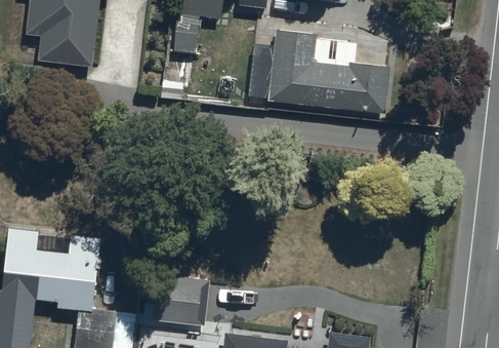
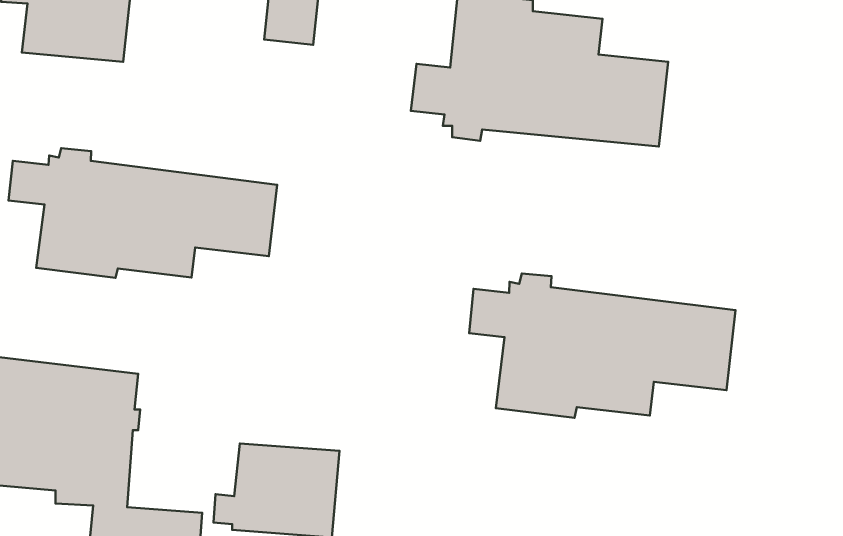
building: none -> [9,148,277,278]
building: none -> [469,274,735,418]

